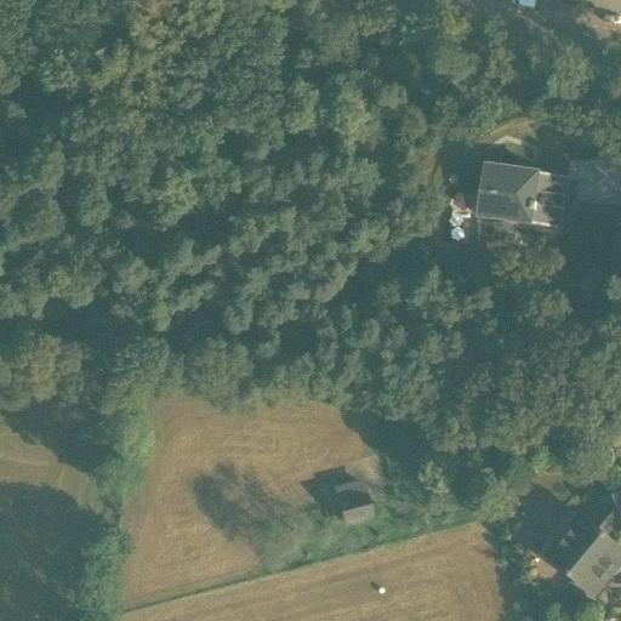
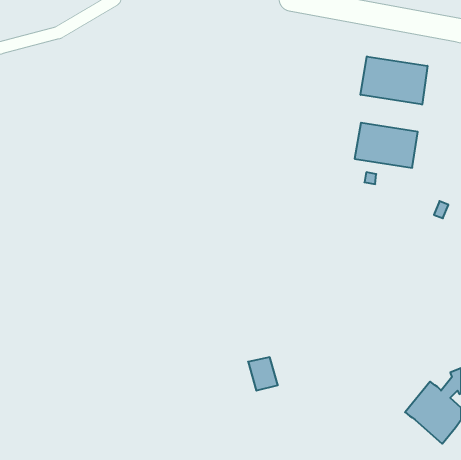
building: none -> [361,56,427,105]

